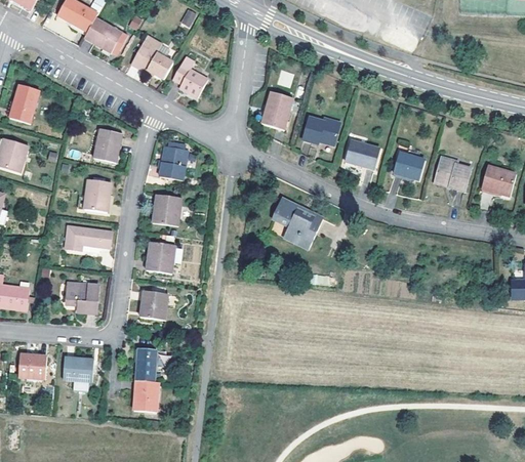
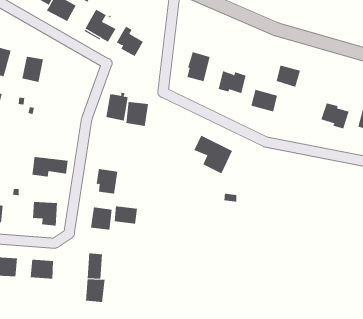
building: [93,129,122,163] -> [22,56,44,83]
building: [393,152,425,180] -> [276,65,301,87]
building: [83,179,111,212] -> none
building: [153,195,183,226] -> [125,102,149,126]
building: none -> [114,206,137,224]

